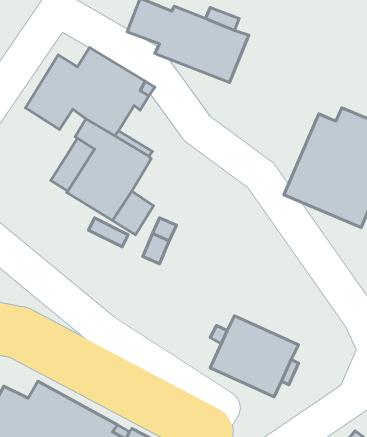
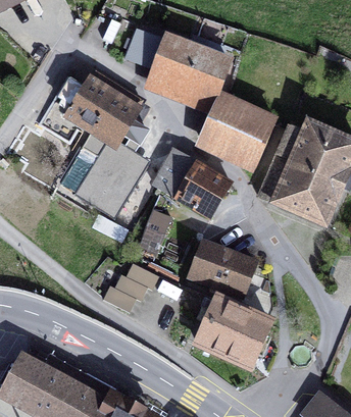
building: none -> [202,97,275,168]
building: none -> [153,149,231,217]
building: none -> [189,242,253,296]
building: none -> [102,262,158,311]

